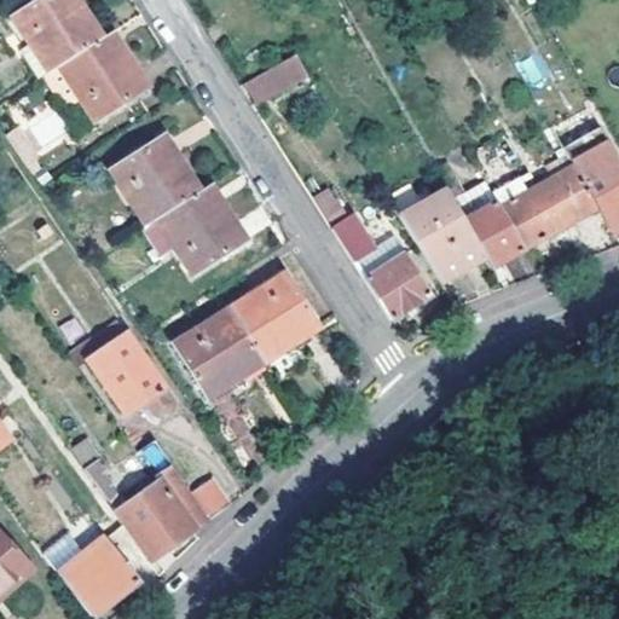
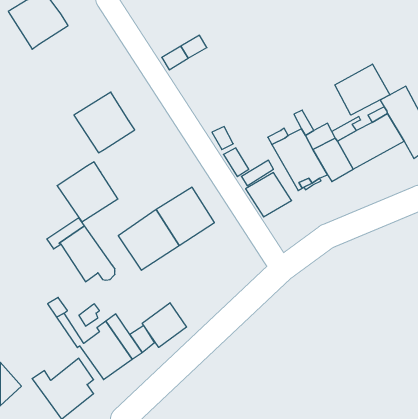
building: [44,31,147,121] -> none
building: none -> [335,64,390,115]
building: [156,185,245,273] -> [57,162,118,222]
building: none -> [142,303,187,347]

